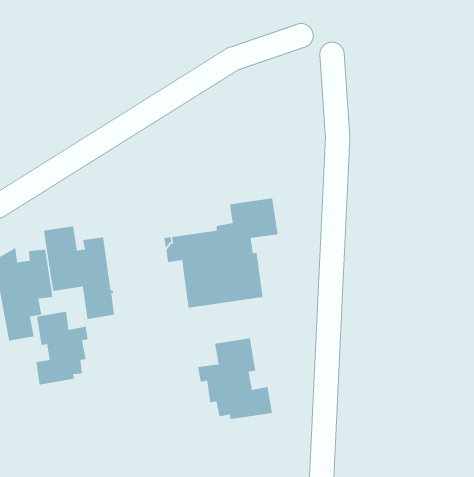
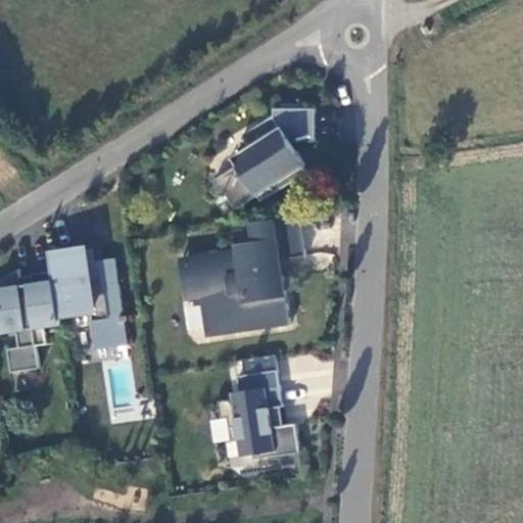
building: none -> [209,102,313,208]
building: [35,311,88,385] -> none

